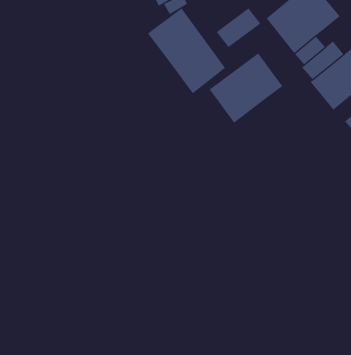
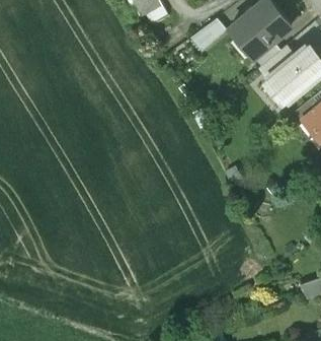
building: [147,8,226,94] -> none
building: [209,53,283,123] -> none

